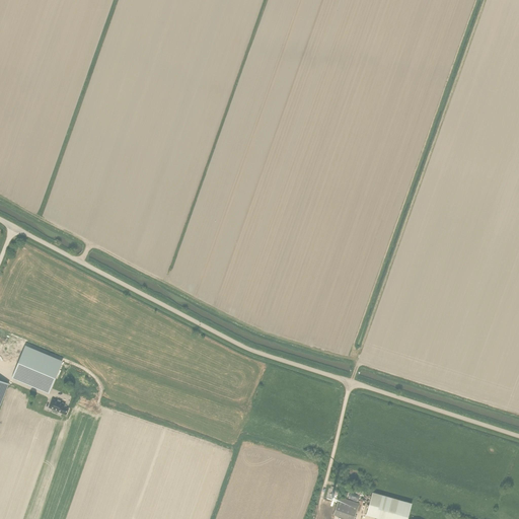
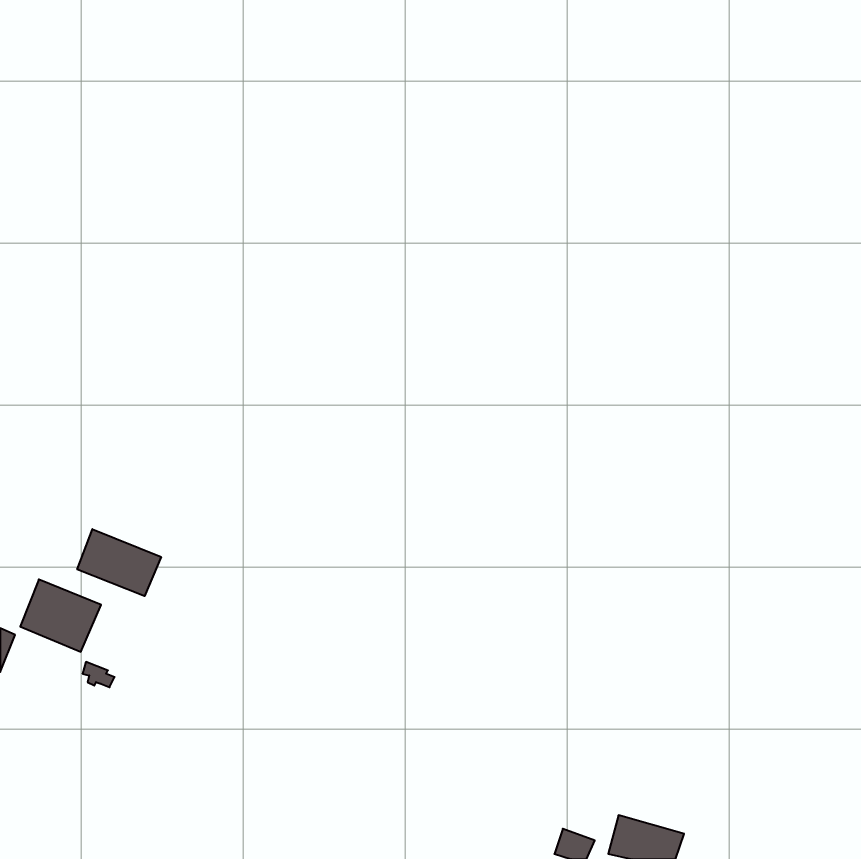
building: none -> [77,529,161,596]

